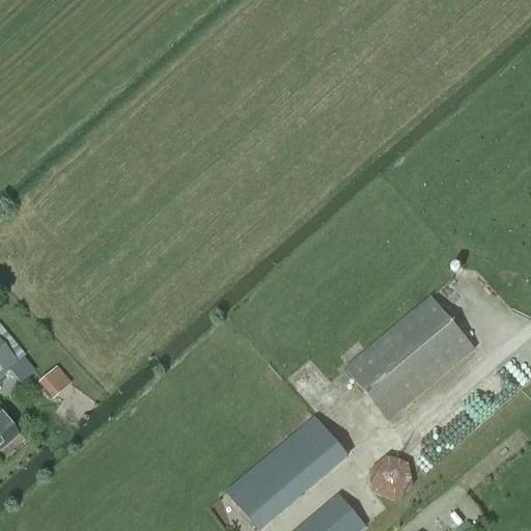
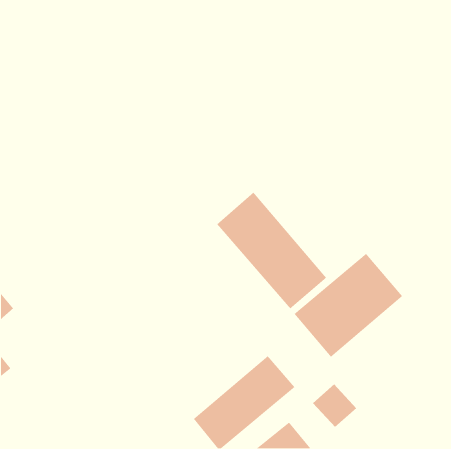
building: none -> [216,192,327,310]
building: [37,365,72,399] -> none

